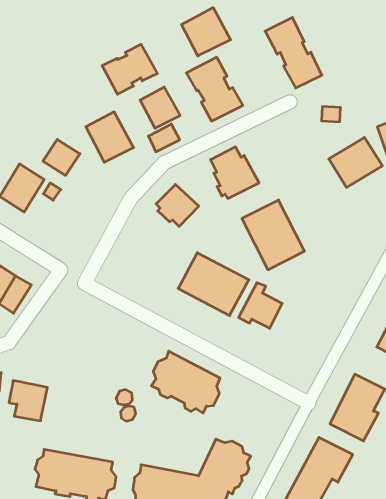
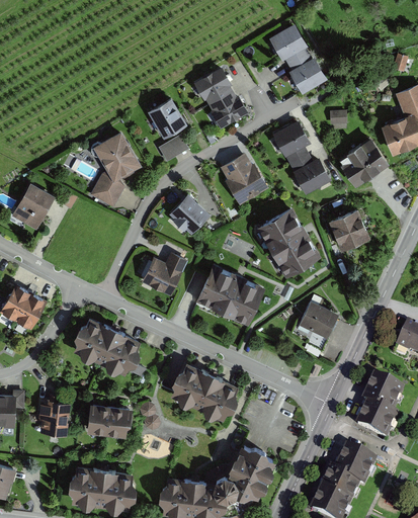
building: [182,8,231,56] -> none
building: [102,44,157,94] -> none
building: none -> [270,122,330,198]
building: [43,139,80,175] -> [90,172,127,207]
building: none -> [329,209,370,251]
building: none -> [143,251,188,293]
building: [239,283,282,328] -> [296,295,338,340]
building: none -> [74,319,142,377]
building: none -> [85,405,133,439]

